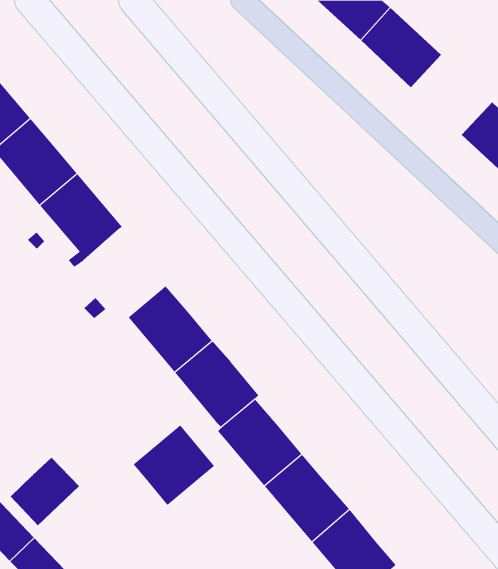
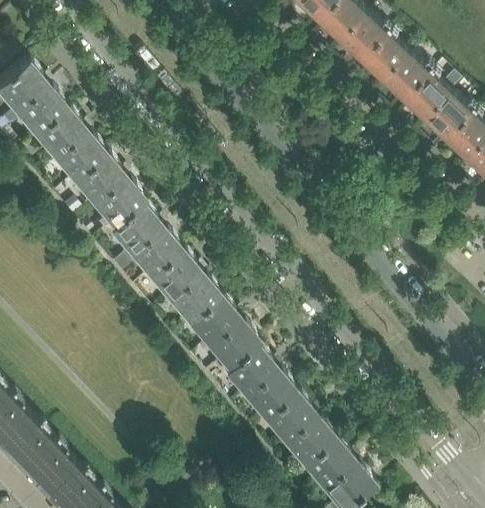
building: none -> [386,56,454,123]
building: none -> [110,202,181,276]
building: [133,425,215,506] -> none
building: [10,457,80,526] -> none

